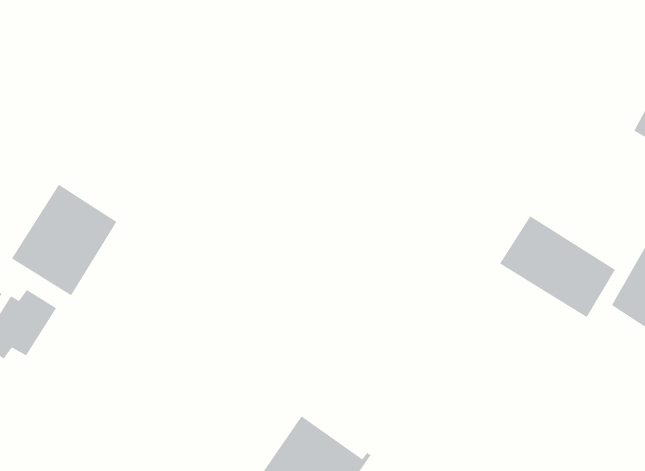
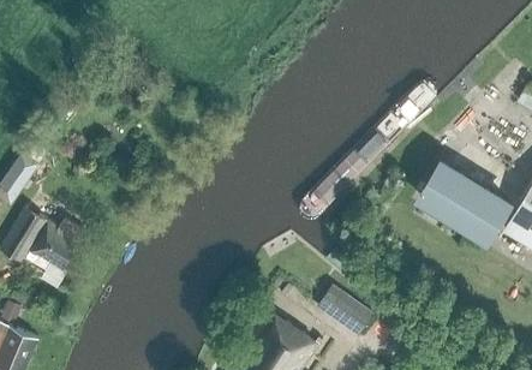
building: [11,184,117,296] -> none
building: none -> [315,286,373,340]

